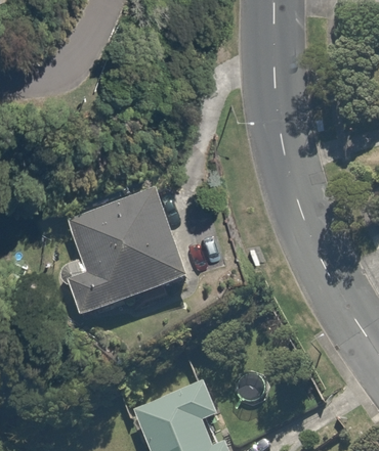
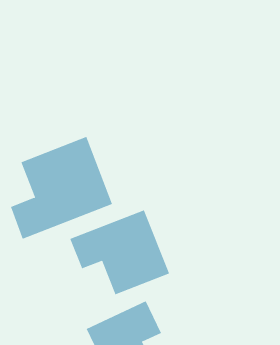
building: none -> [69,210,170,295]

